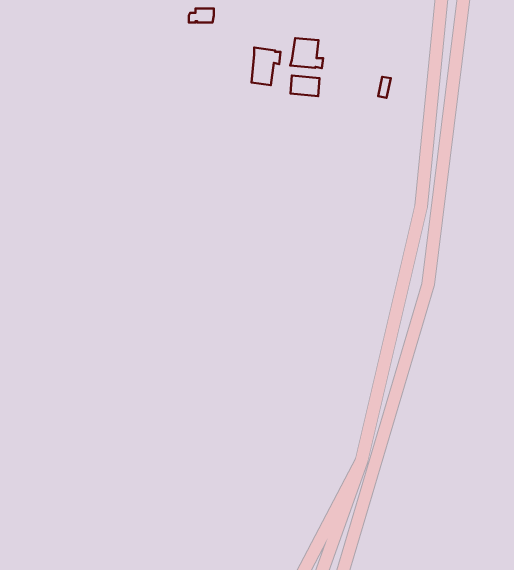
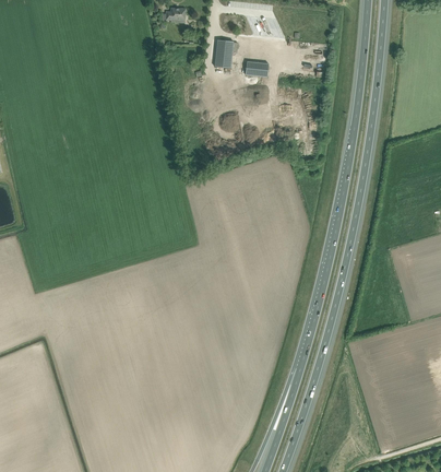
building: [290,38,323,68] -> none

